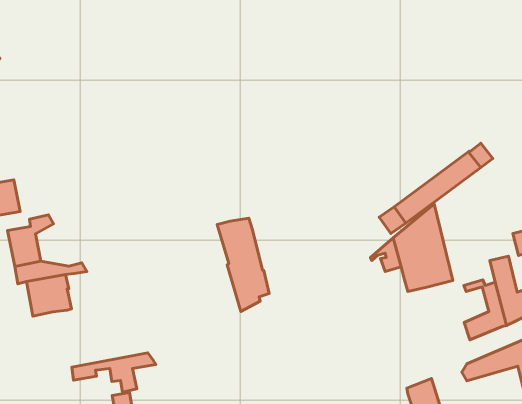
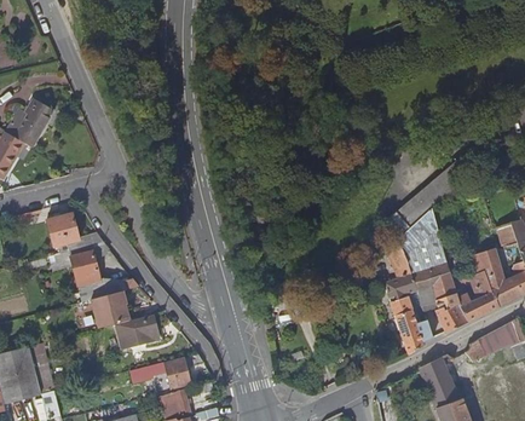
building: [217,218,269,311] -> [383,275,432,354]
building: none -> [429,272,469,334]
building: none -> [113,313,158,347]

